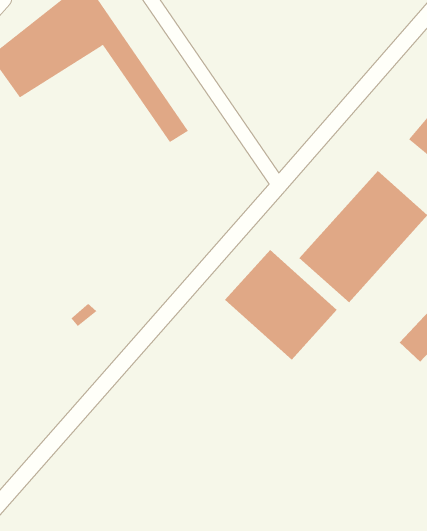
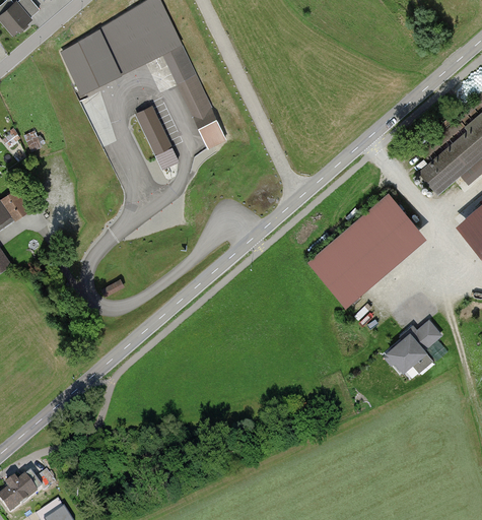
building: none -> [134,105,179,169]
building: [224,249,338,361] -> none

